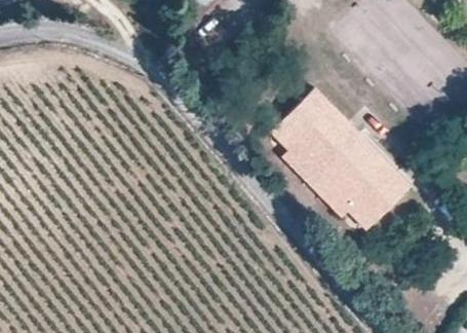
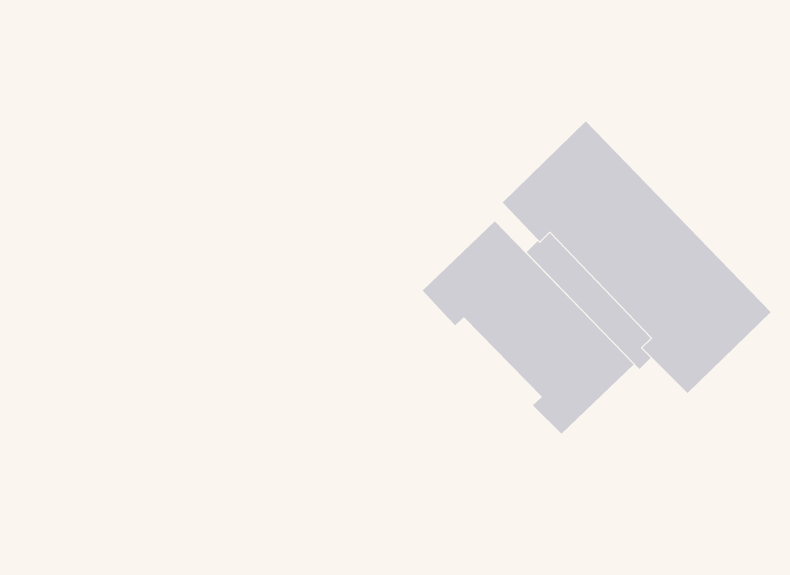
building: none -> [422,220,634,435]

